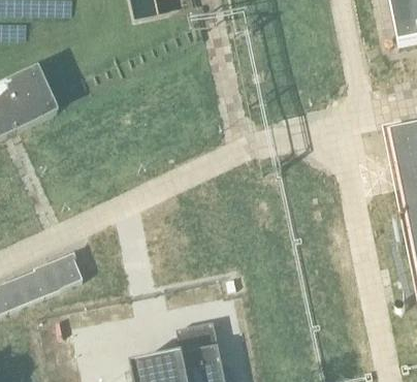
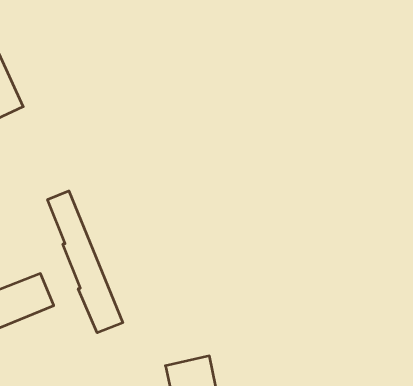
building: none -> [48,191,123,333]

